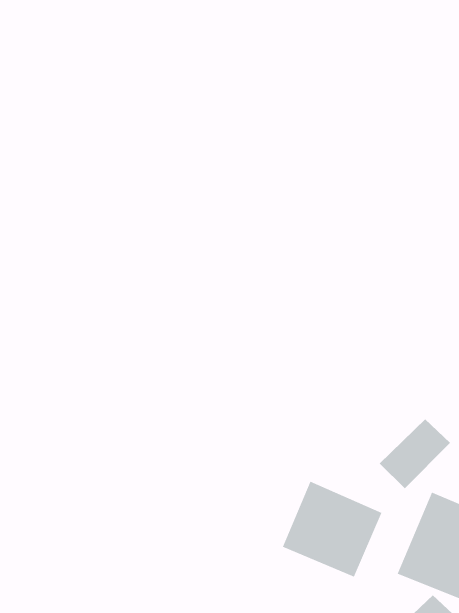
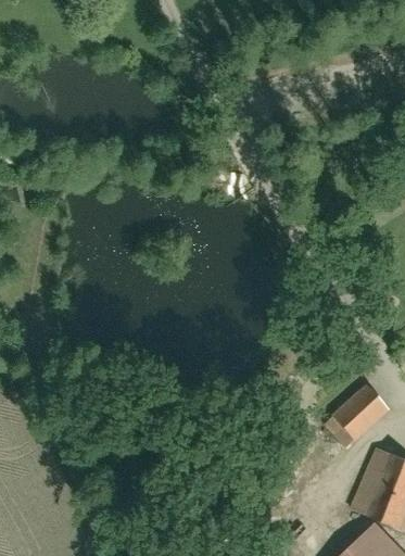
building: [282,481,382,578] -> none

